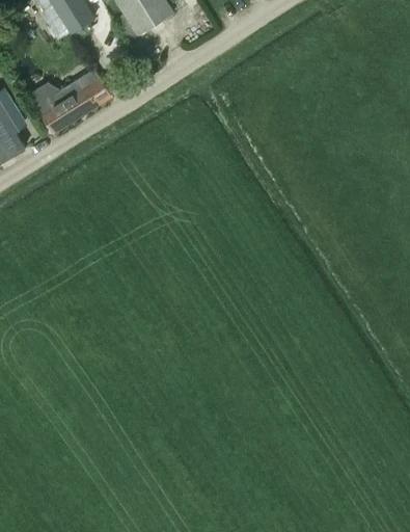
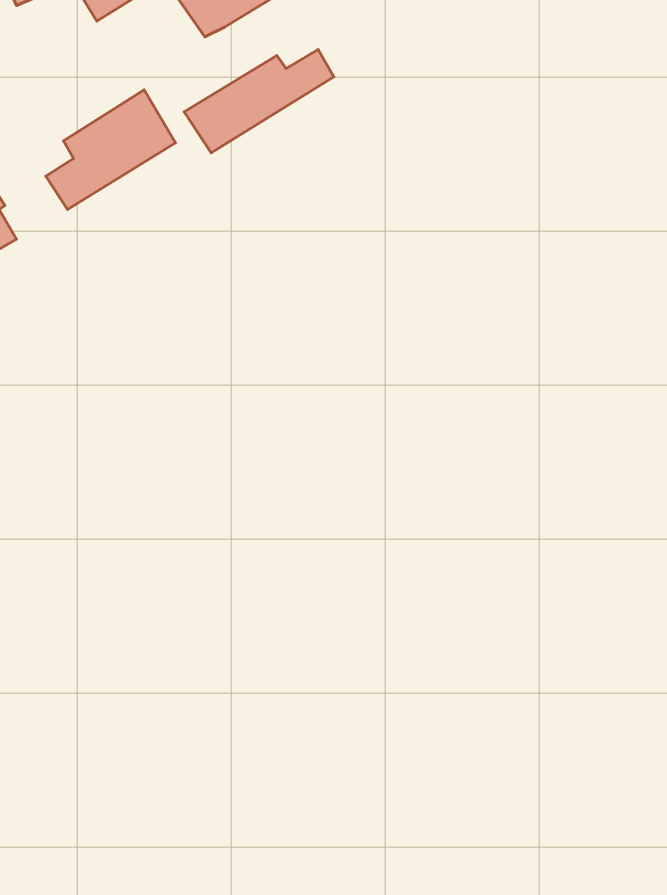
building: none -> [184,49,334,153]

